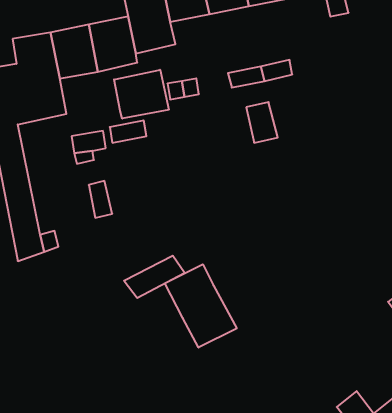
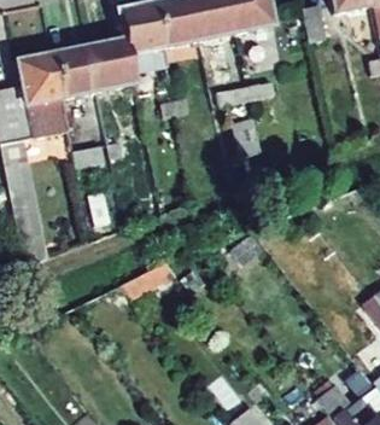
building: [114,70,169,119] -> none
building: [165,264,237,348] -> none

